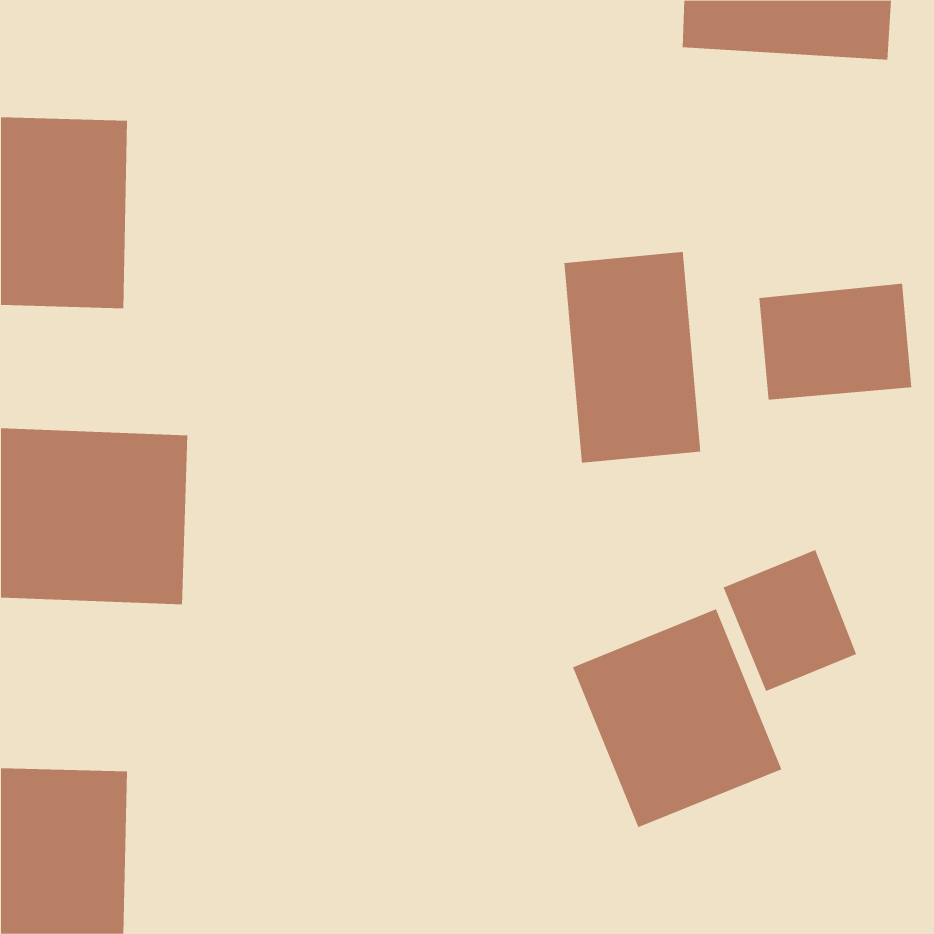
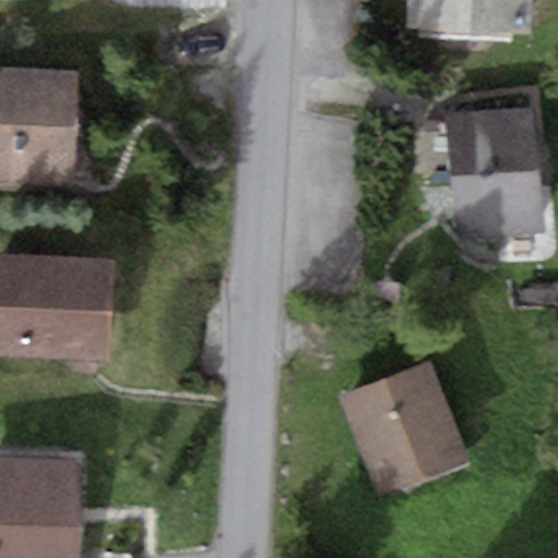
building: none -> [446,108,538,178]
building: [564,251,701,463] -> none
building: [723,549,857,692] -> none

